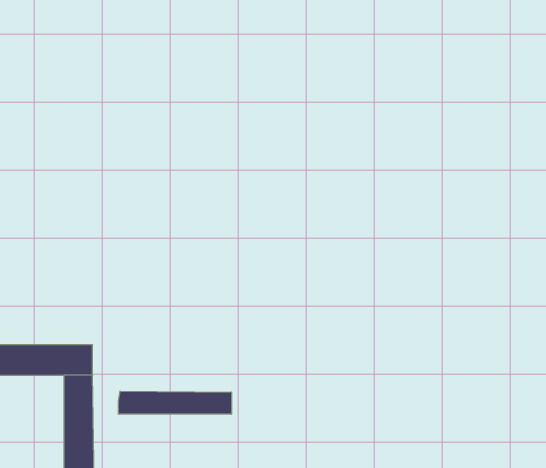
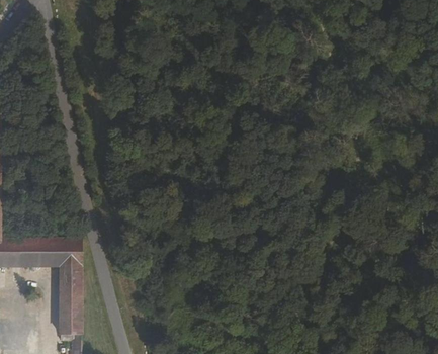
building: [119,391,231,414] -> none

